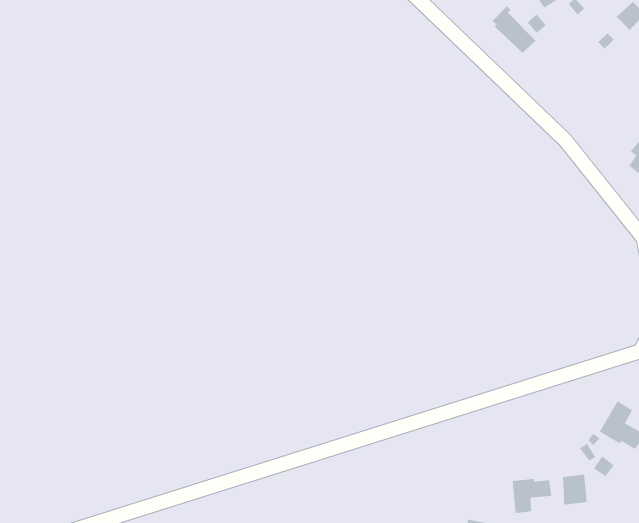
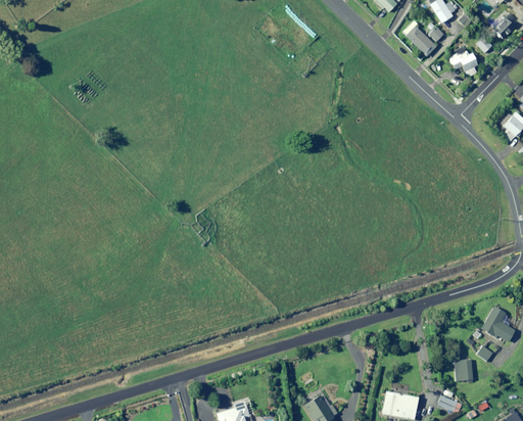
building: none -> [448,45,478,77]
building: [512,478,552,514] -> none

